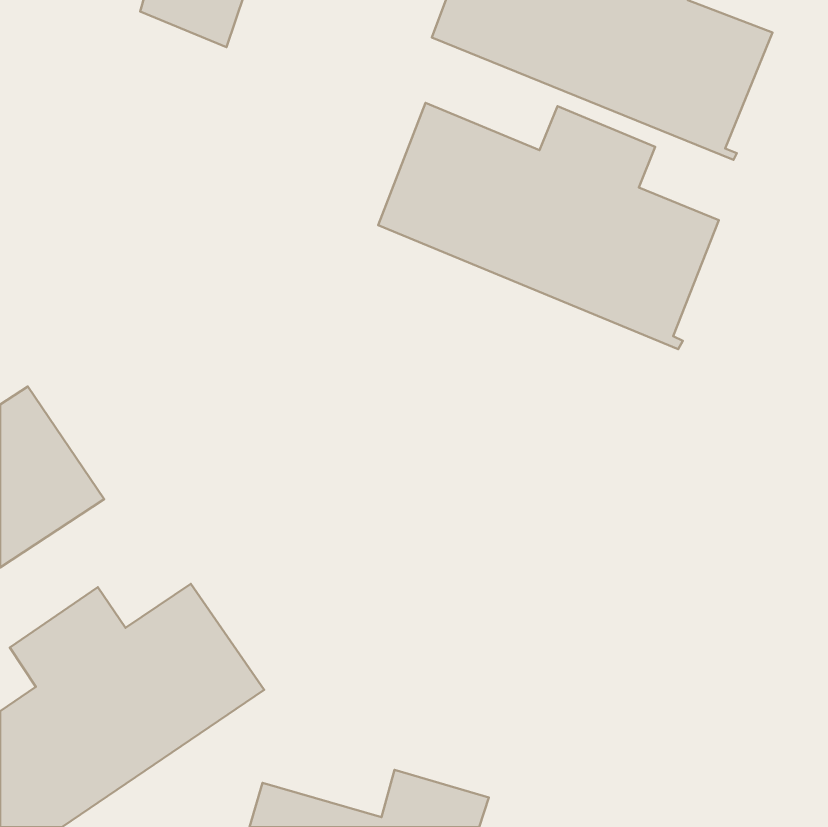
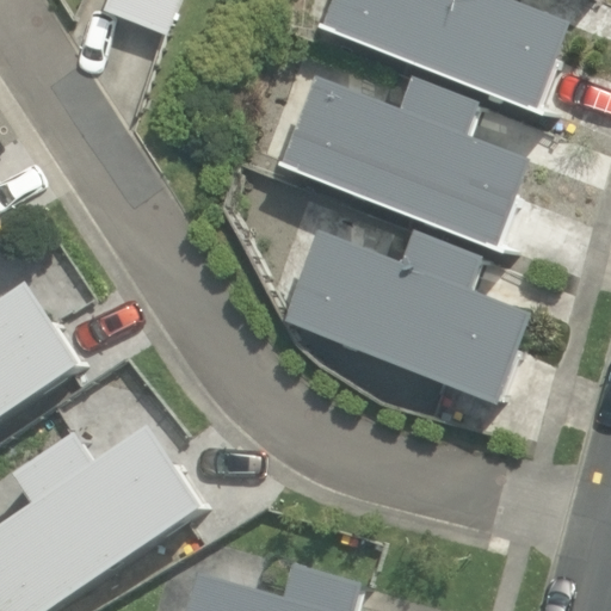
building: none -> [284,230,530,405]

